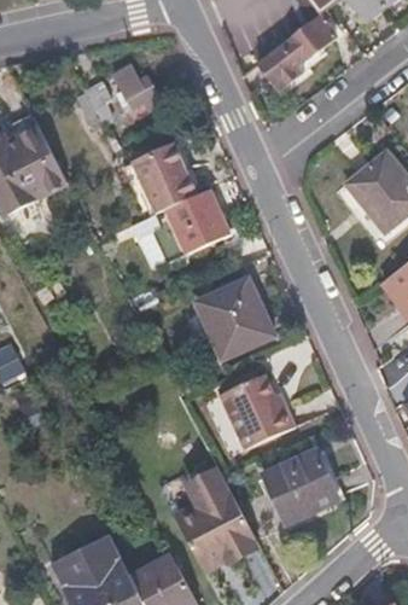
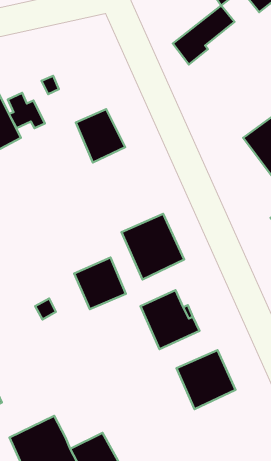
building: [113,66,161,111] -> [8,93,45,128]
building: [157,188,231,258] -> none
building: none -> [74,258,126,309]
building: [175,466,255,570] -> none

